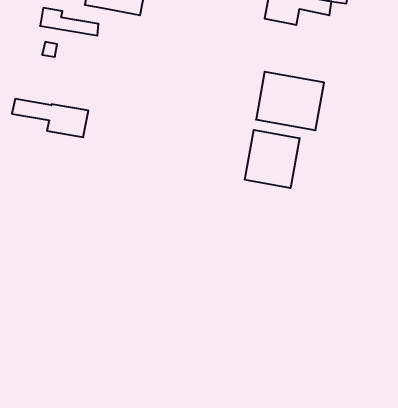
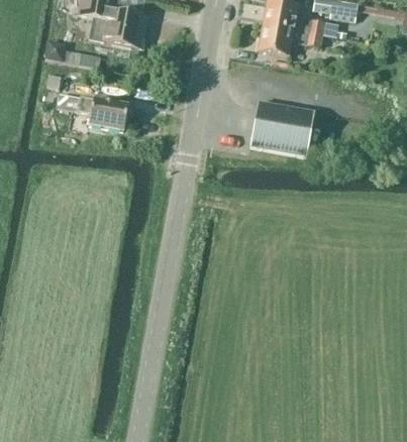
building: [12,99,88,137] -> [56,93,128,129]
building: [245,130,300,188] -> none

